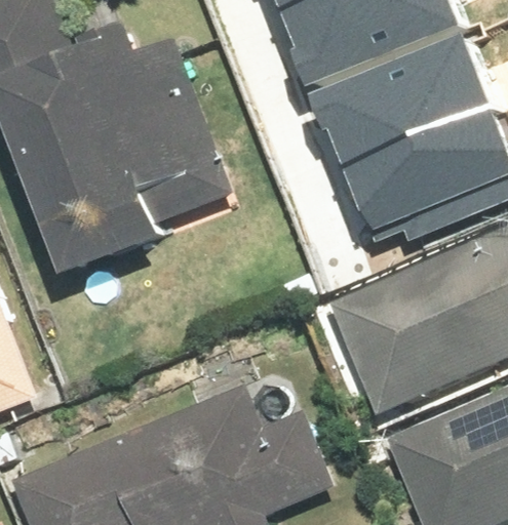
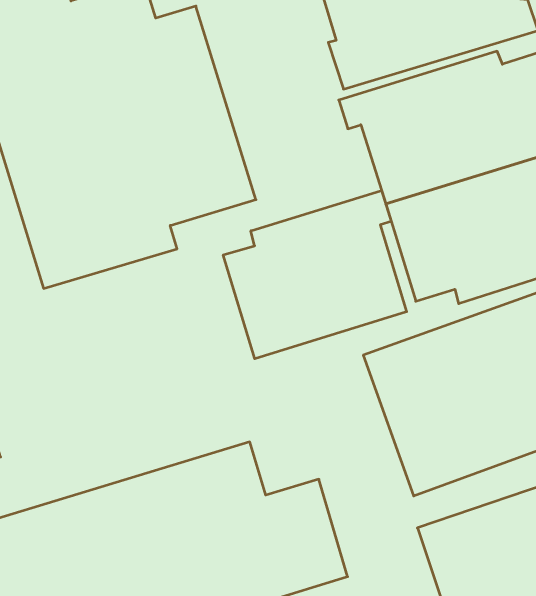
building: none -> [223,190,407,359]

